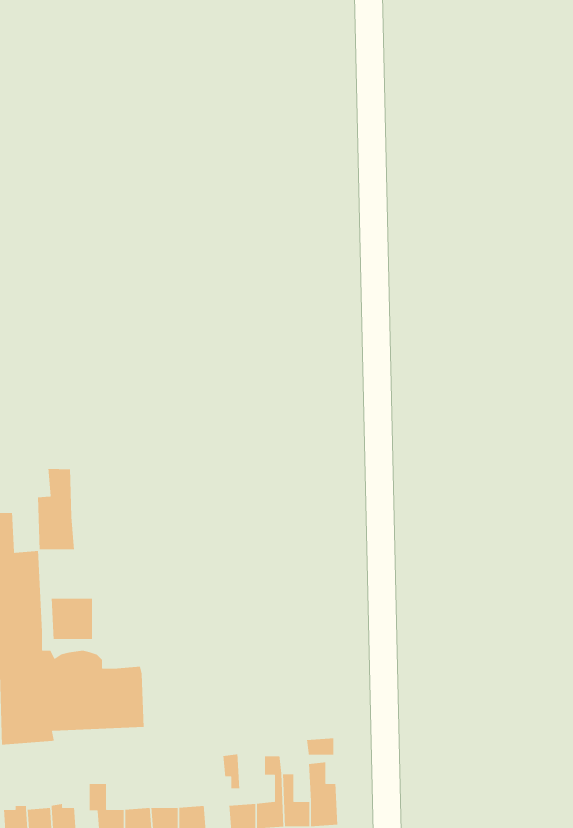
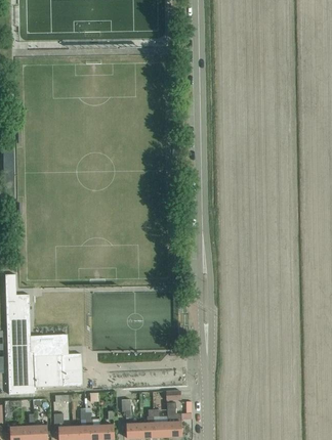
building: [37,468,75,550] -> none

